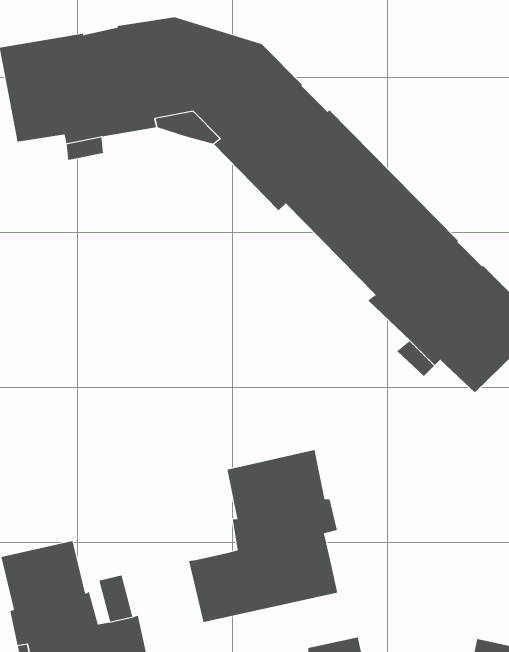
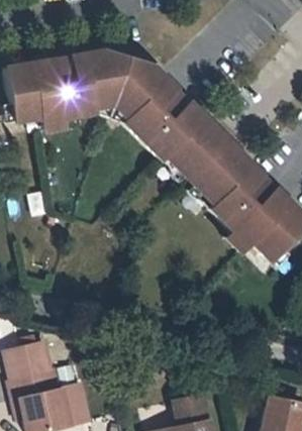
building: [189,449,338,623] -> none

